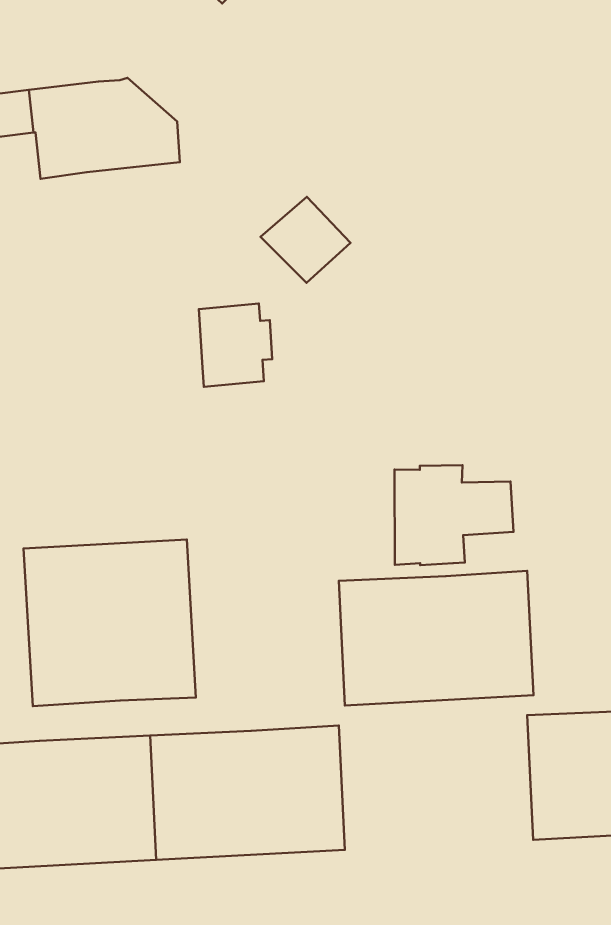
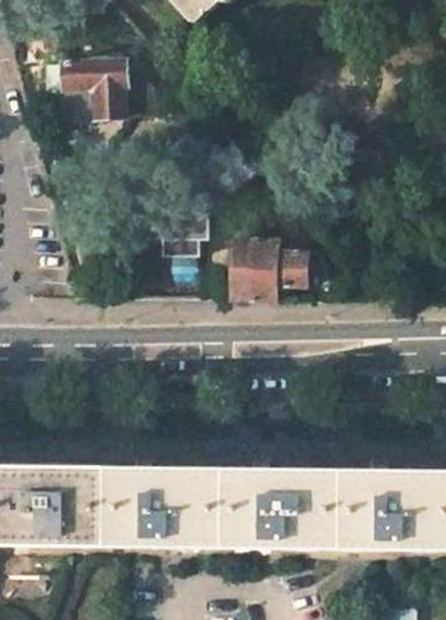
building: [395,465,514,565] -> [231,237,307,299]
building: [24,540,196,706] -> none
building: [339,571,533,705] -> [230,469,349,547]

